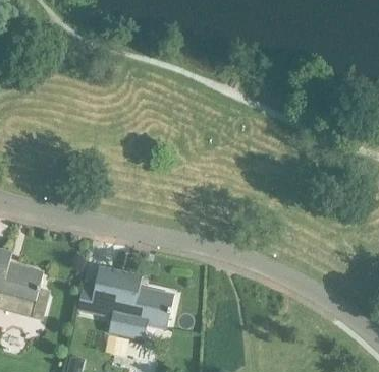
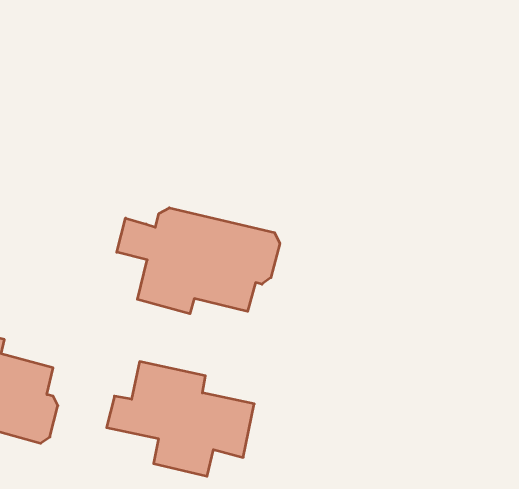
building: none -> [117,208,280,314]

